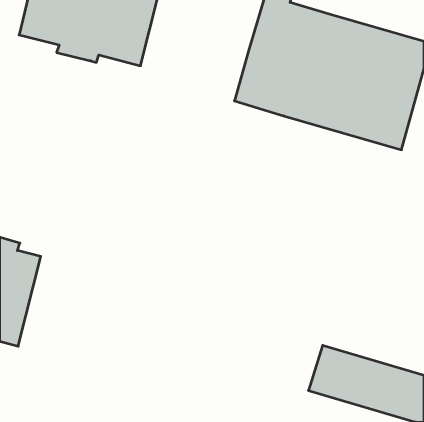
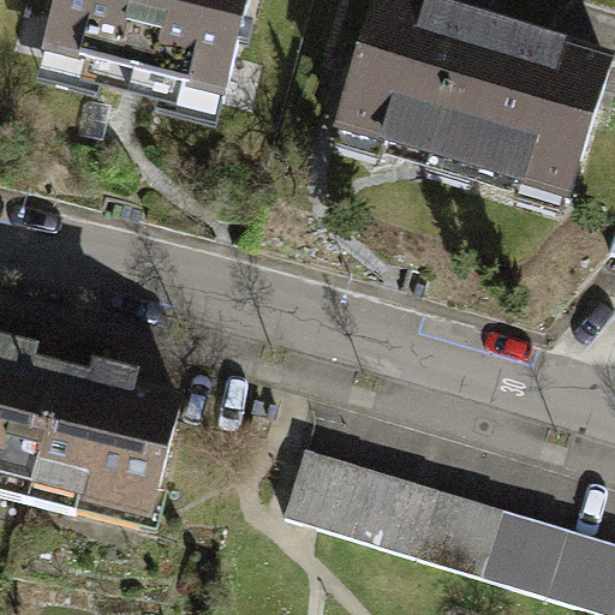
building: none -> [26,366,175,513]
building: none -> [283,449,466,563]

